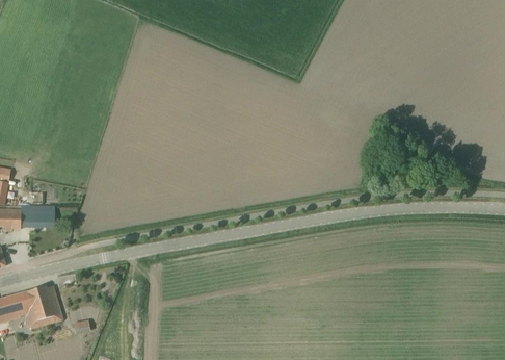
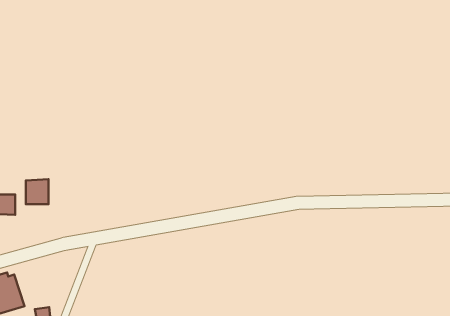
building: none -> [26,179,48,204]

